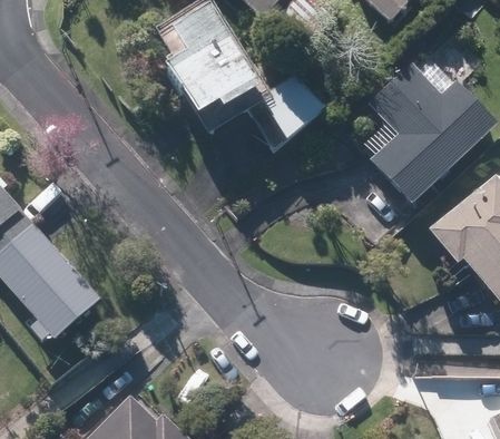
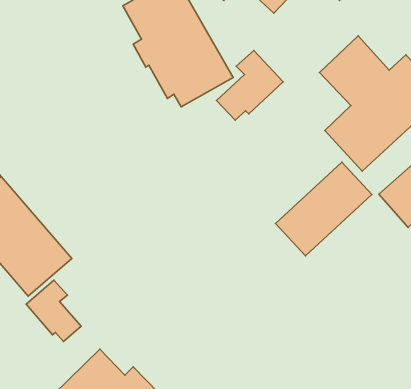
building: none -> [276,162,372,256]
building: none -> [26,280,81,341]

